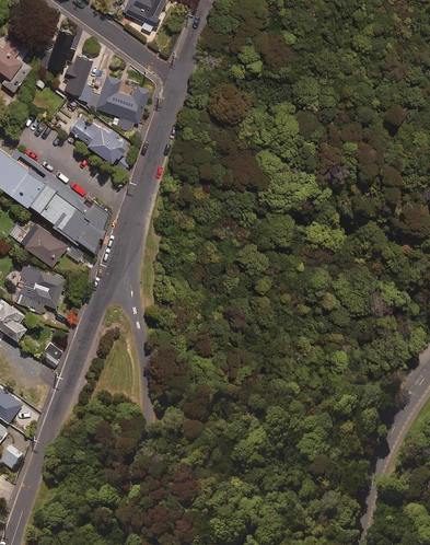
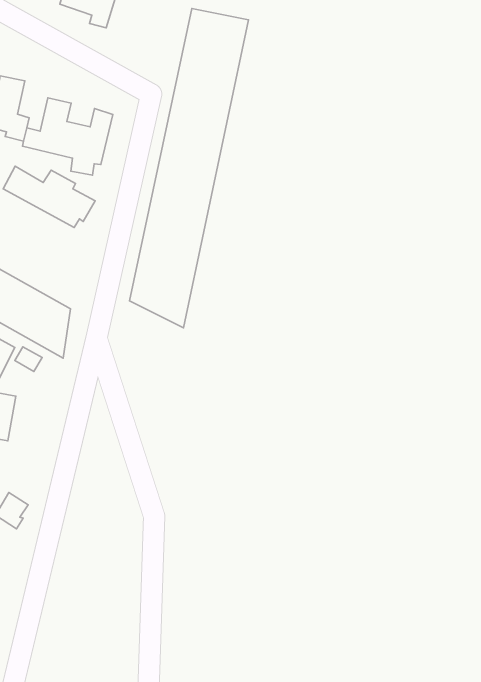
building: none -> [129,8,248,328]

